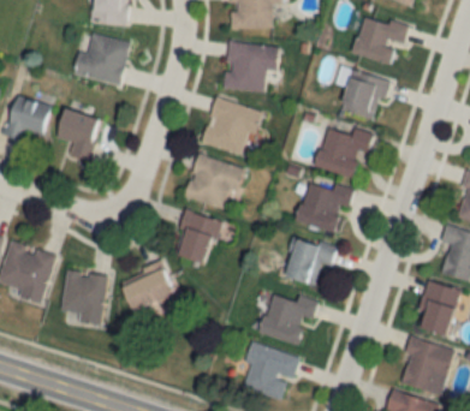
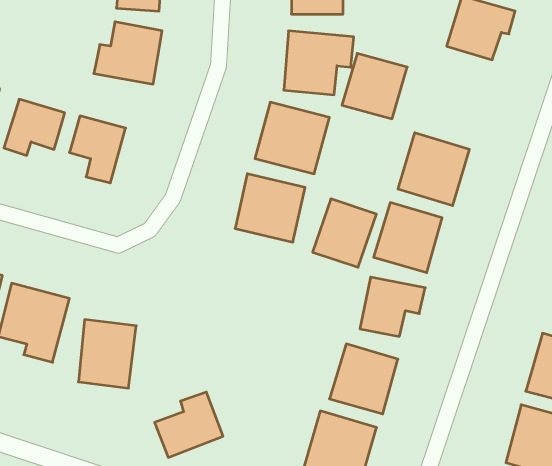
building: [337,68,388,120] -> [342,53,407,119]
building: [172,210,222,264] -> [313,199,376,267]
building: [123,261,177,312] -> [155,392,223,457]

